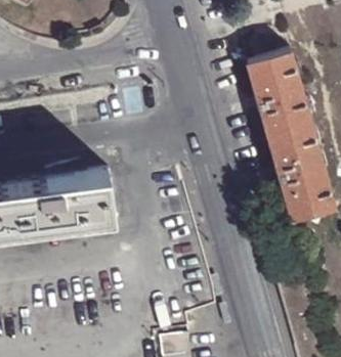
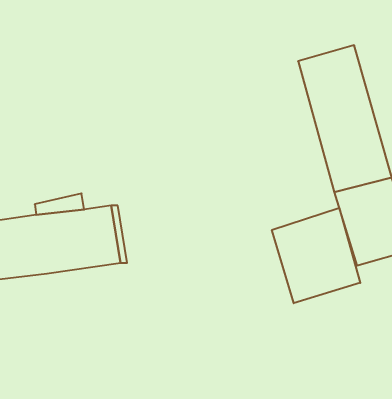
building: none -> [272,208,360,303]

